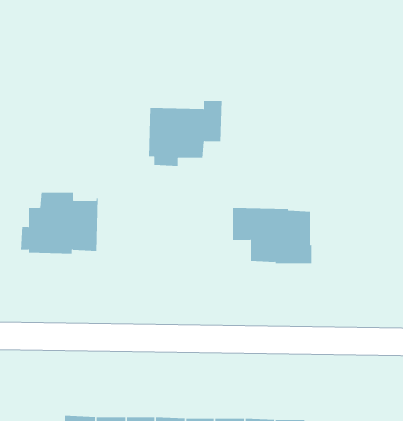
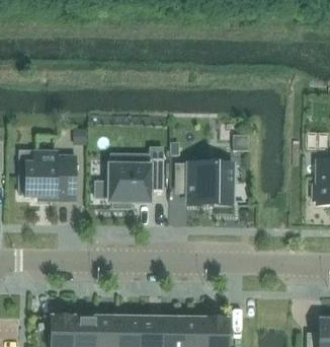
building: [148,100,222,167] -> [108,158,163,207]

